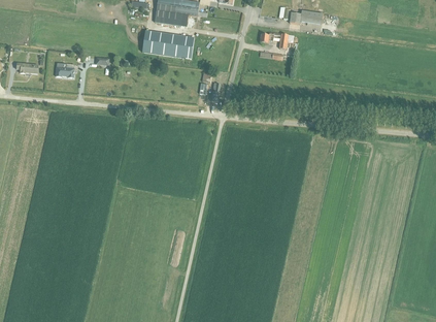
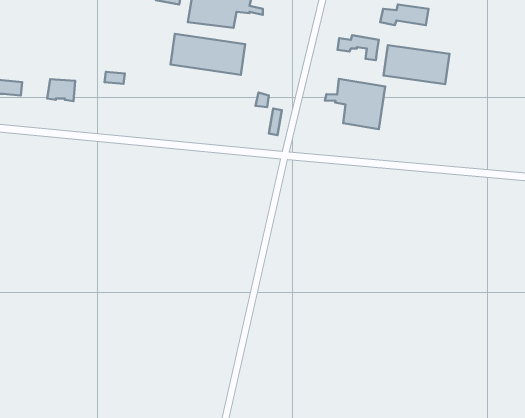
building: none -> [383,45,450,84]
building: none -> [325,79,385,129]

